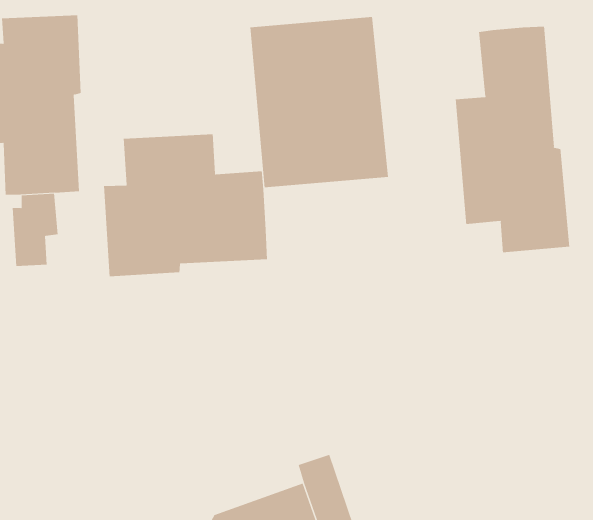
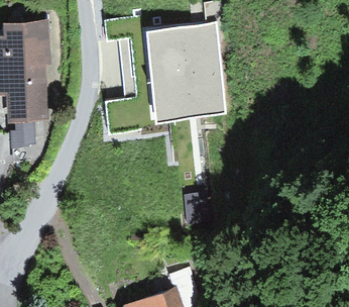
building: [455,26,570,253] -> none
building: [103,133,267,277] -> none

